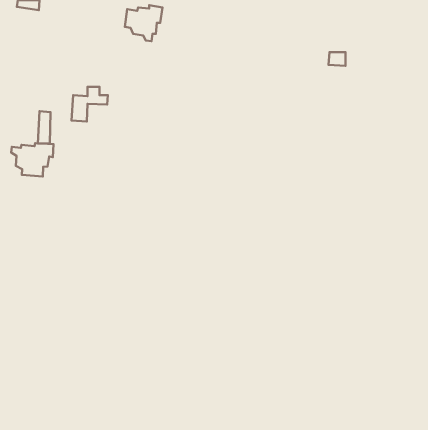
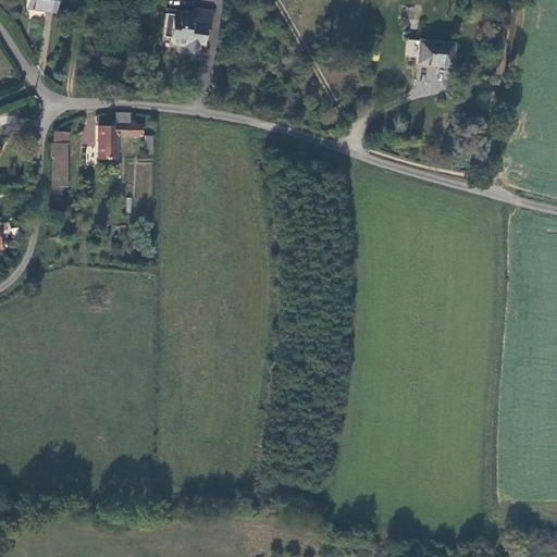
building: none -> [417,40,453,67]
building: [11,143,53,176] -> none

